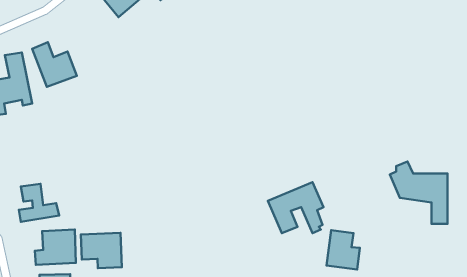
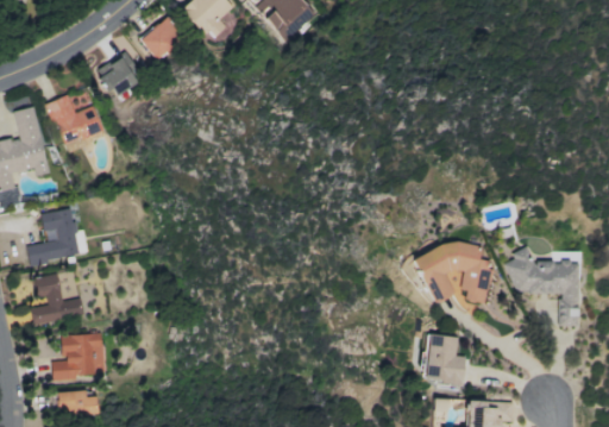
building: none -> [98,55,140,98]
building: none -> [26,208,88,265]
building: [268,182,324,233] -> [415,237,486,302]
building: [81,233,122,268] -> none

